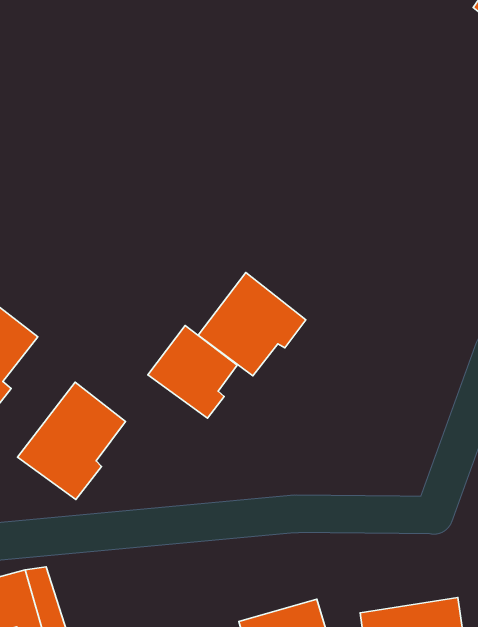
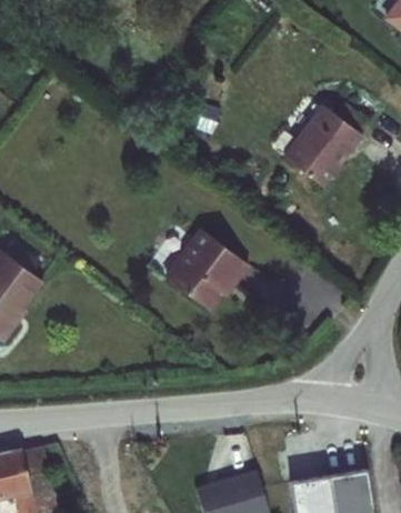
building: none -> [280,97,368,181]
building: [148,325,237,418] -> none
building: [17,382,125,500] -> none

